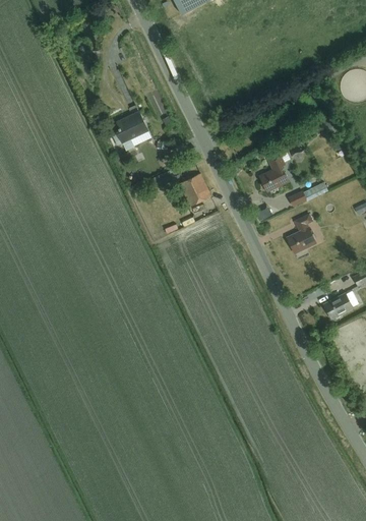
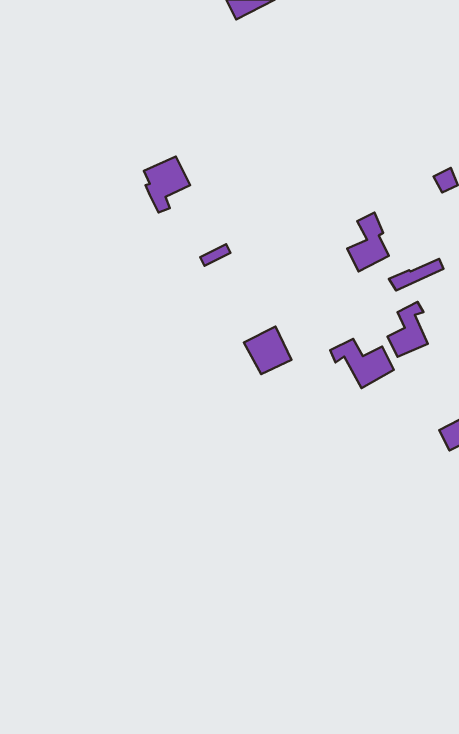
building: [178,173,211,207] -> [244,327,291,374]
building: none -> [330,339,394,388]

